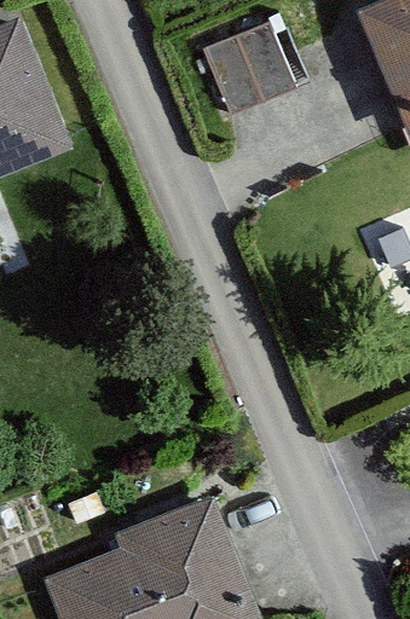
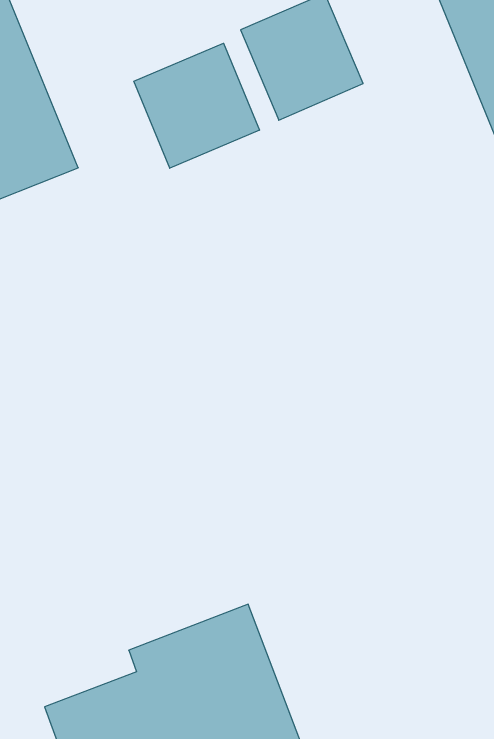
building: none -> [134,43,259,168]

